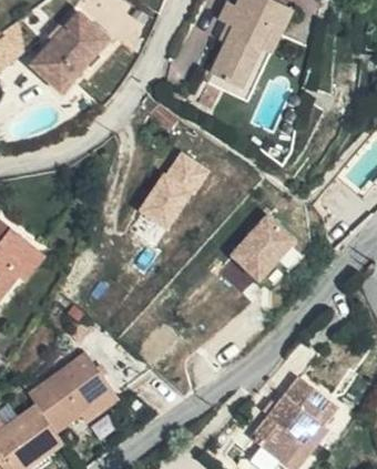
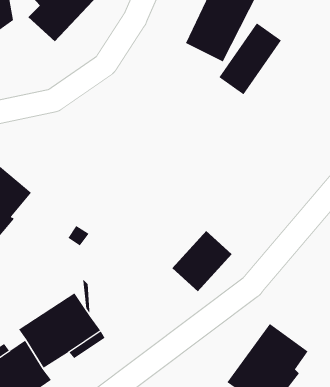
building: [142,150,208,226] -> [219,23,282,95]
building: [233,212,297,277] -> [172,230,233,292]

